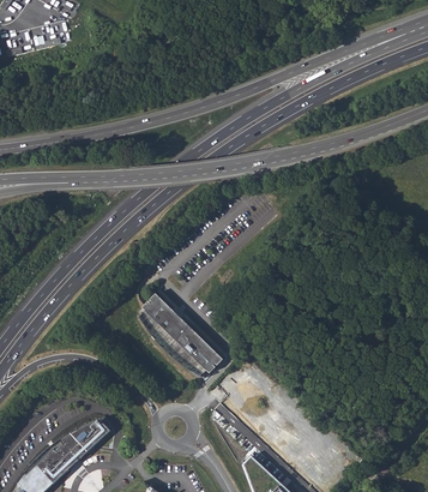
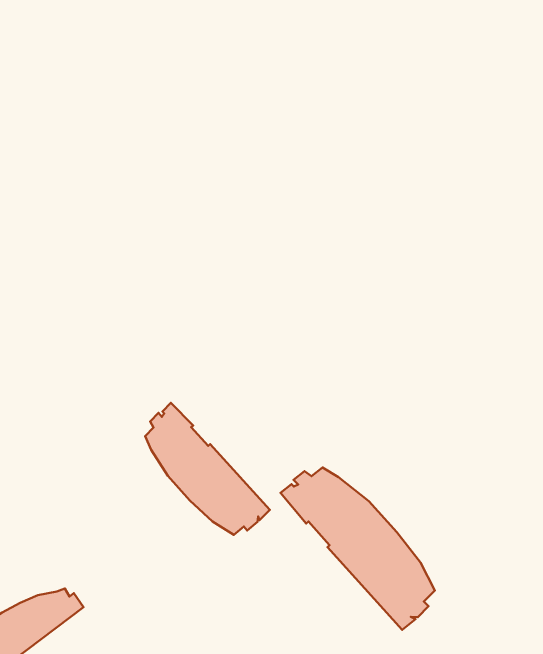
building: none -> [280,467,435,630]

